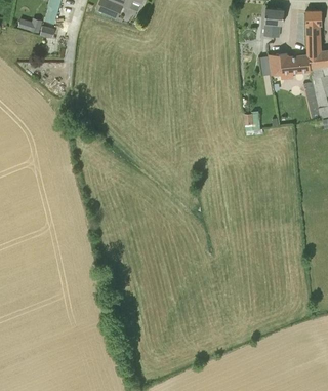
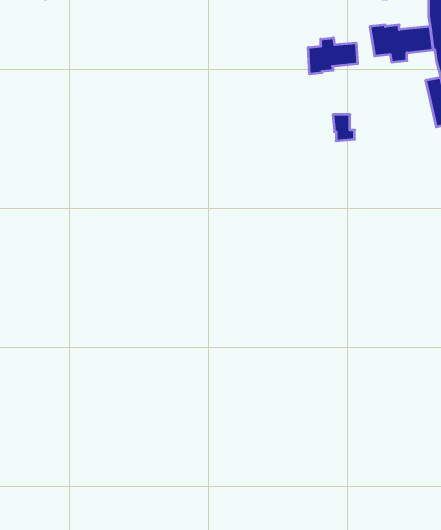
building: none -> [308,38,358,74]

